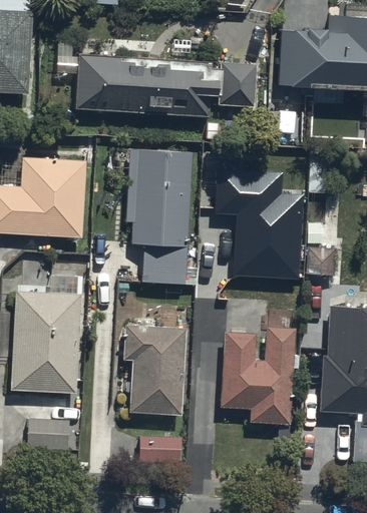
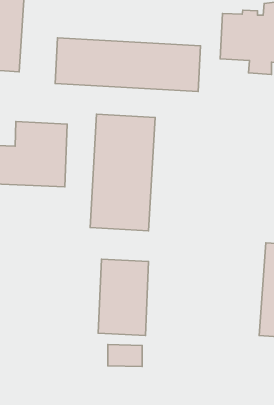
building: [217,170,305,280] -> none
building: [11,291,85,395] -> none
building: [222,329,296,426] -> none
building: [23,413,69,445] -> none

